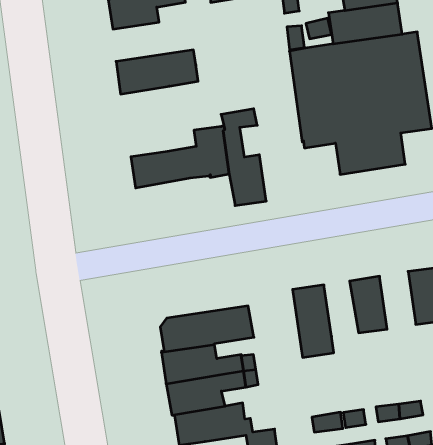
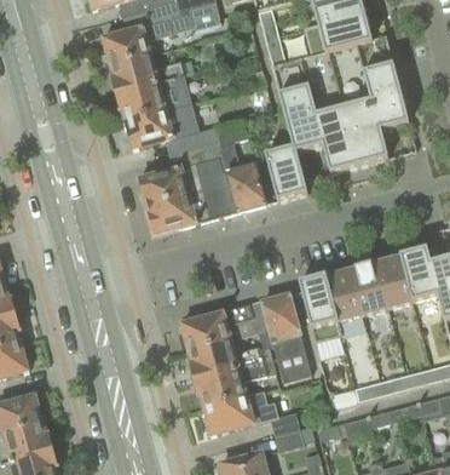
building: none -> [108,53,185,93]
building: none -> [123,103,220,150]
building: none -> [265,147,307,201]
building: none -> [146,184,238,233]
building: none -> [376,254,414,309]
building: none -> [327,269,365,336]
building: none -> [260,293,312,383]

